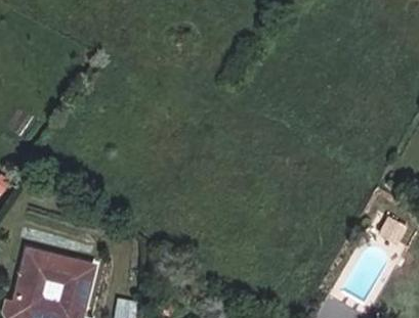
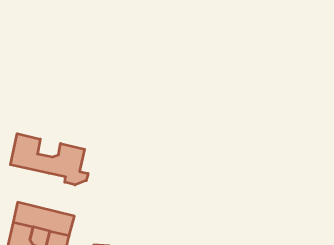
building: none -> [10,134,88,185]

